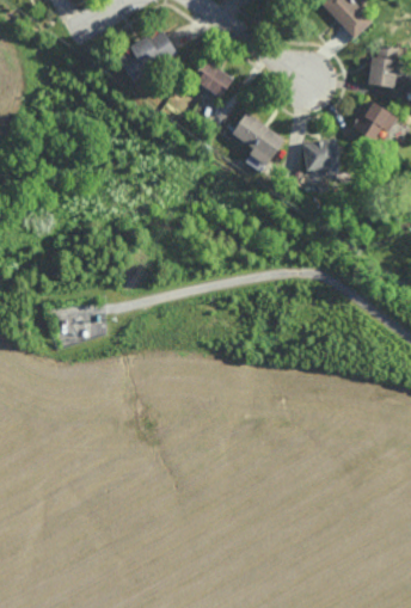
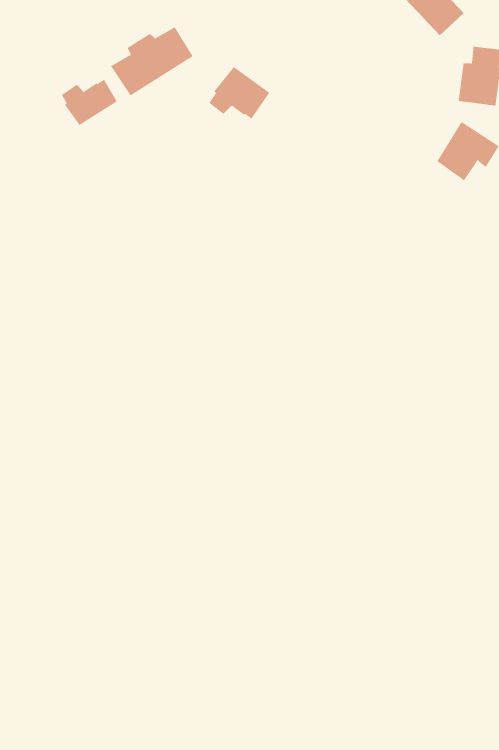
building: none -> [61,79,118,126]
building: [232,111,286,165] -> none
building: [302,137,341,174] -> none

